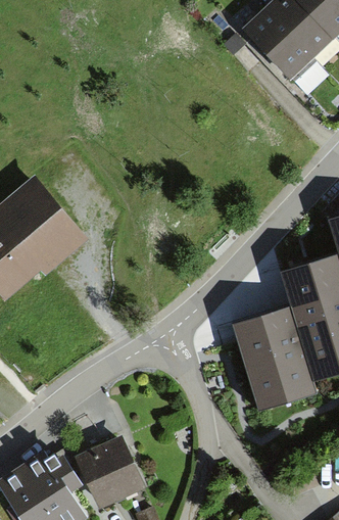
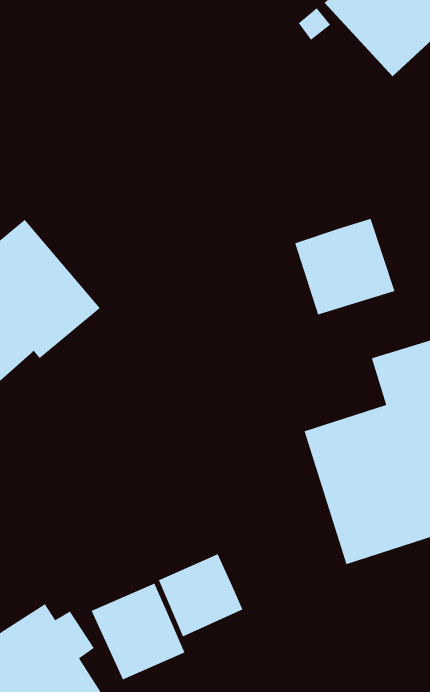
building: none -> [294,218,396,316]
building: none -> [158,553,244,638]

